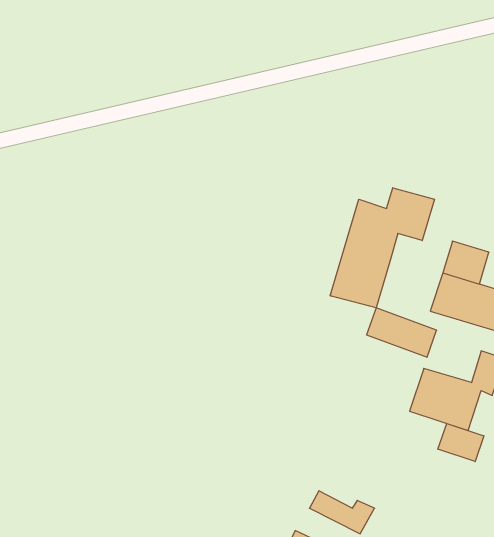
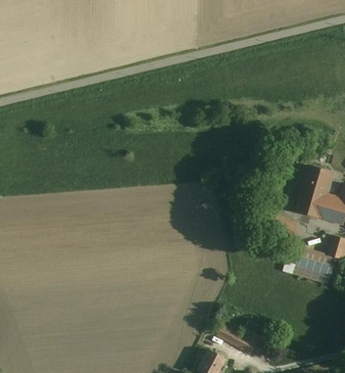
building: [330,188,435,308] -> none
building: [438,423,484,462] -> none

